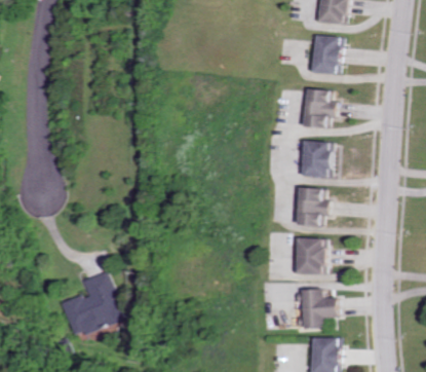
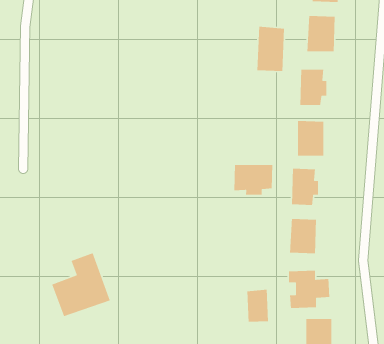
building: none -> [257,26,285,72]
building: none -> [234,164,273,196]
building: none -> [247,289,269,323]

